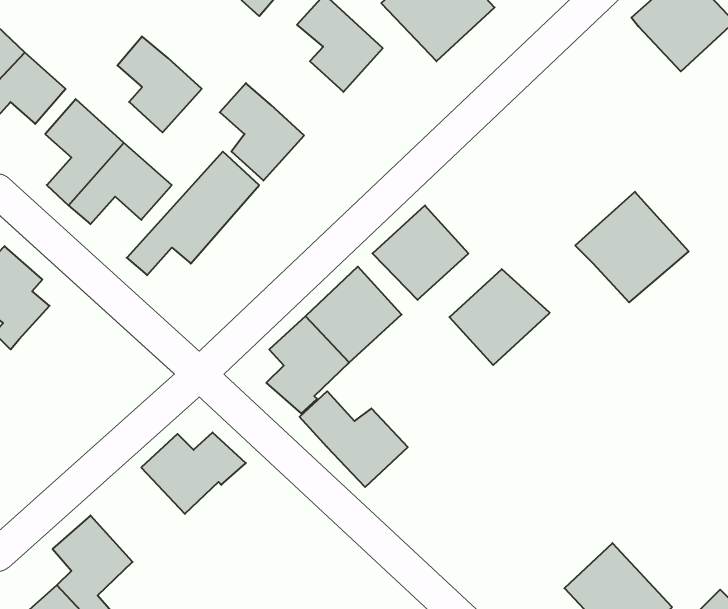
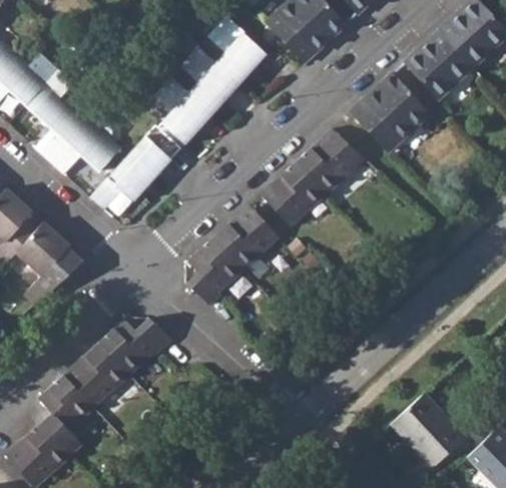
building: none -> [402,32,471,101]
building: [117,36,202,132] -> [180,47,238,113]
building: [575,192,689,302] -> [350,74,428,150]
building: [449,269,550,365] -> [295,128,364,194]
building: none -> [15,223,82,305]
building: [300,391,408,487] -> none
building: none -> [64,342,129,407]

